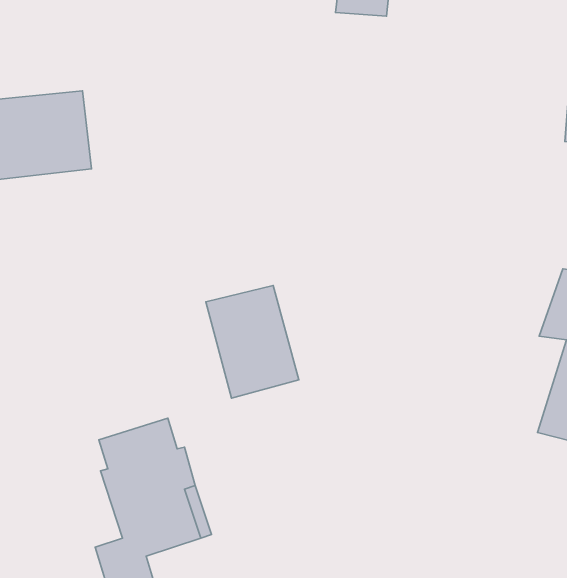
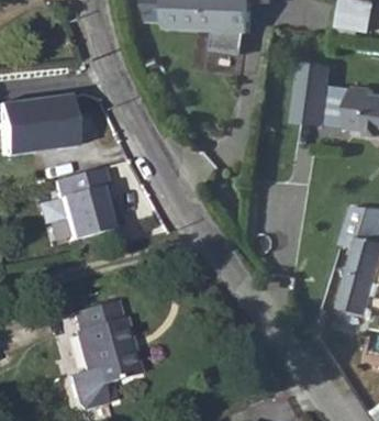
building: none -> [299,67,333,125]
building: [206,285,299,398] -> [52,171,108,240]

